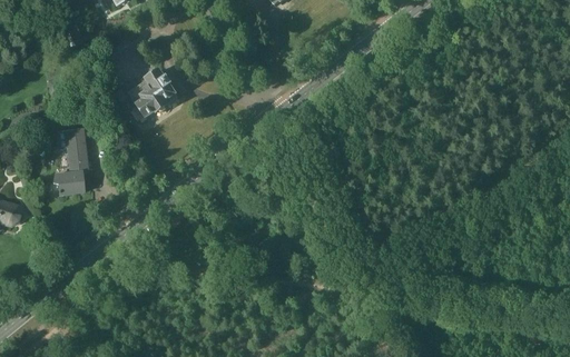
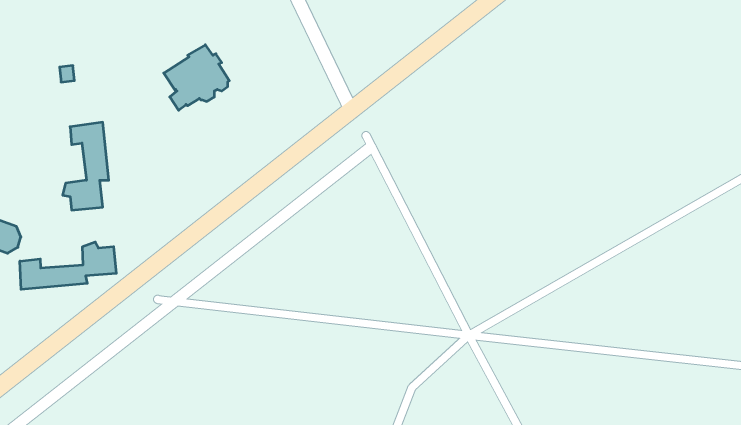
building: none -> [20,242,116,289]

